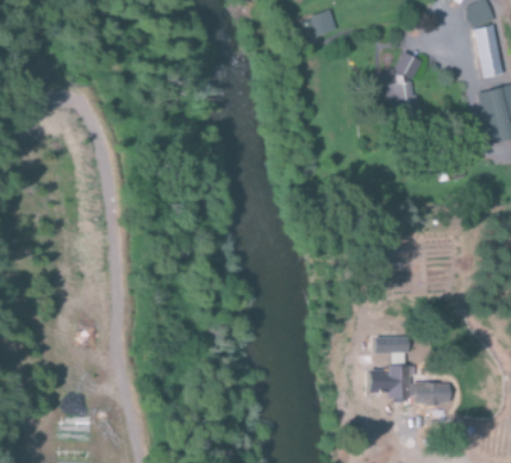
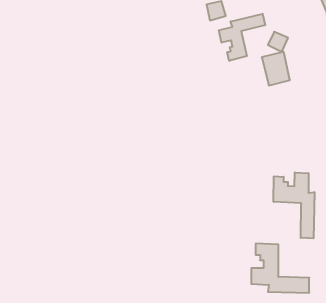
building: none -> [219,14,265,61]
building: none -> [274,172,314,238]

